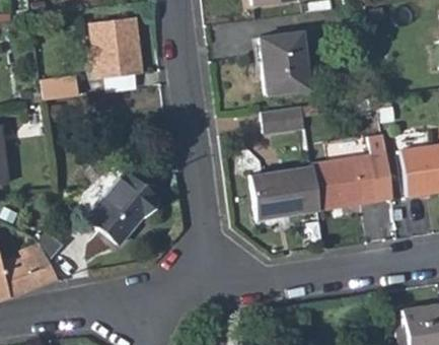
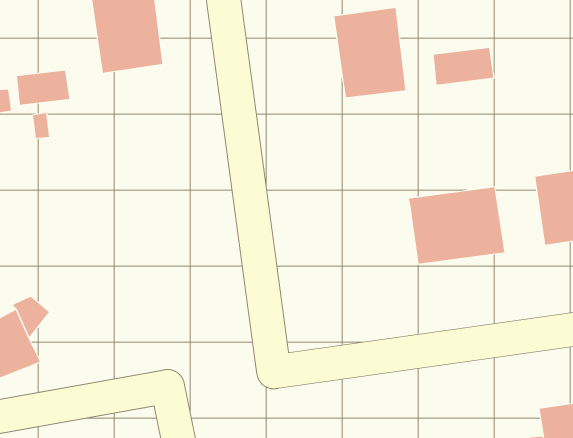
building: [265,107,307,133] -> [433,47,494,85]
building: [253,167,319,218] -> none
building: [87,172,159,244] -> none

